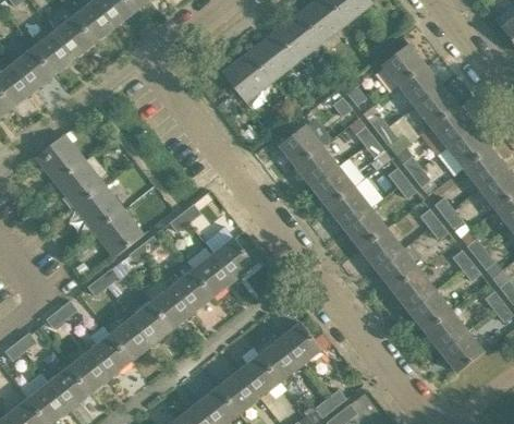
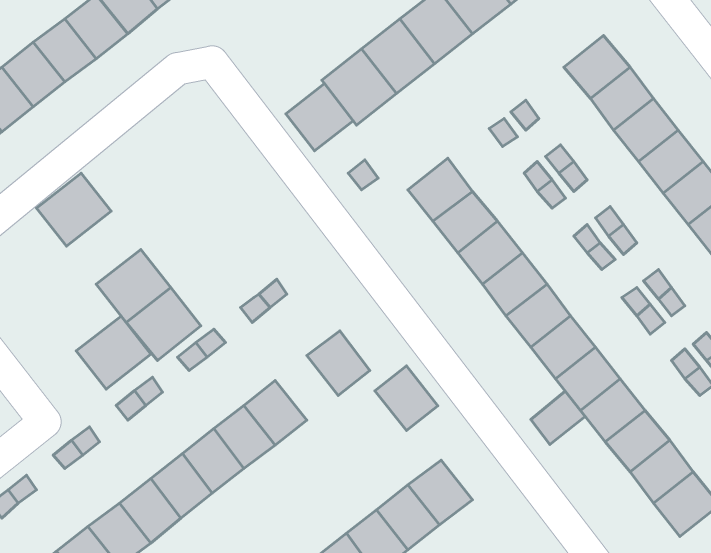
building: none -> [286,84,353,151]
building: [54,159,103,207] -> [76,316,151,389]
building: [192,254,233,296] -> [375,366,438,431]
building: none -> [531,391,585,445]

